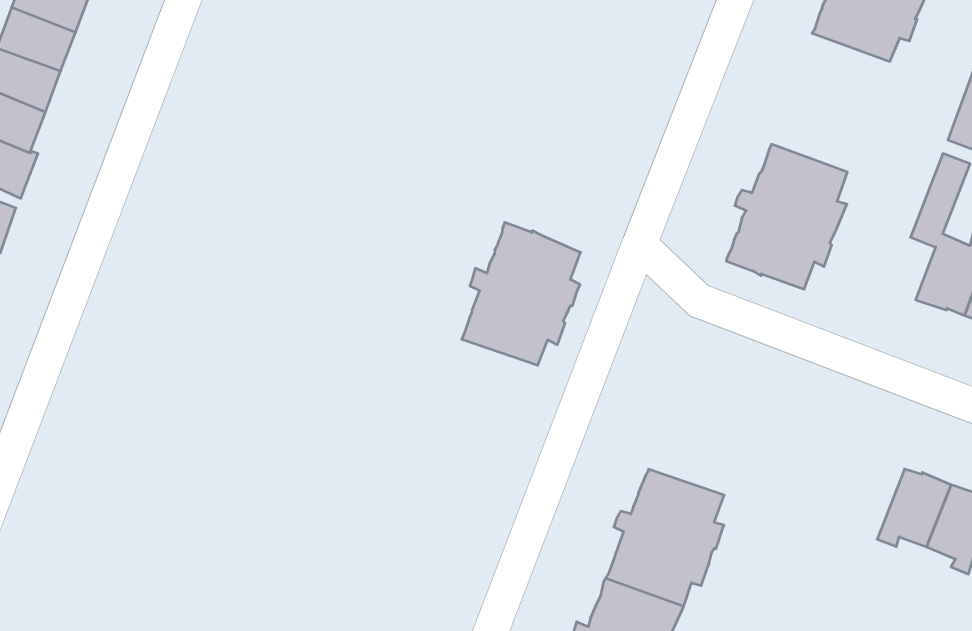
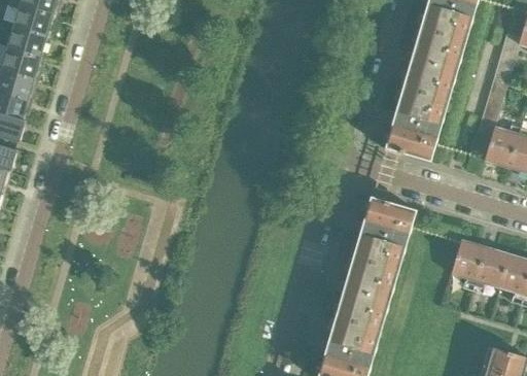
building: none -> [402,28,461,98]
building: [462,222,581,365] -> [352,197,411,269]
building: none -> [450,240,484,285]

